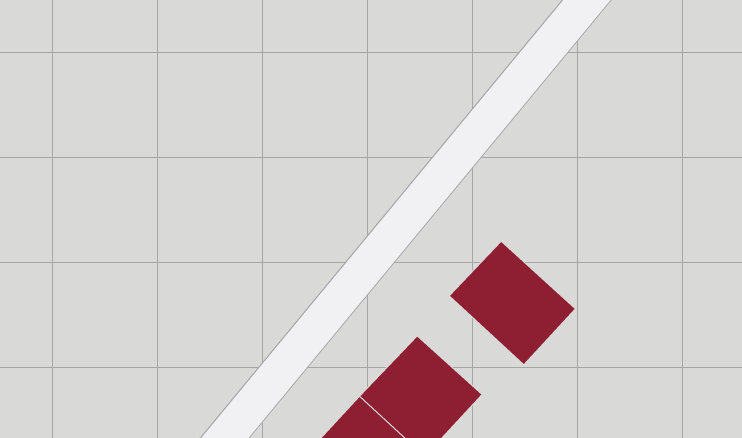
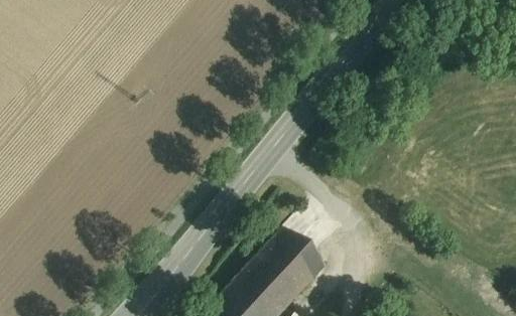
building: [449,241,576,365] -> none

